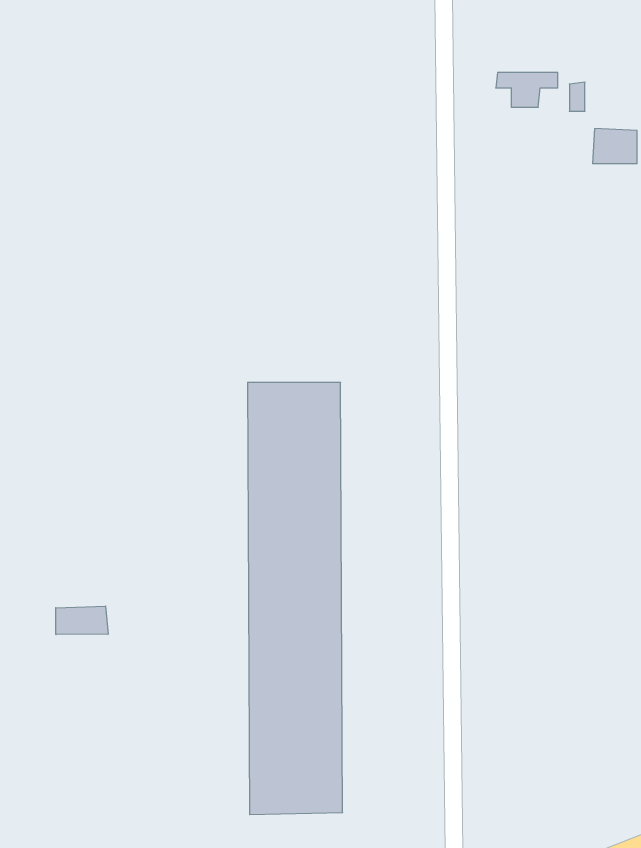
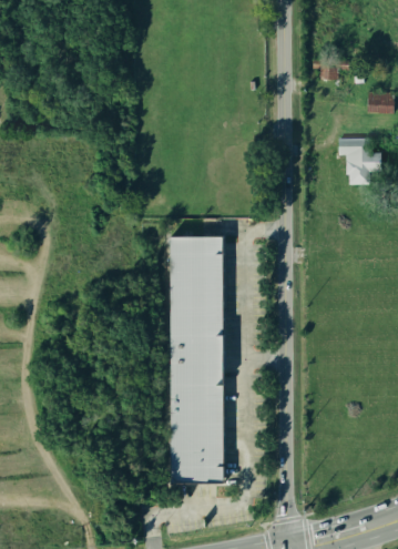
building: none -> [338,138,379,183]
building: [56,606,108,635] -> none

